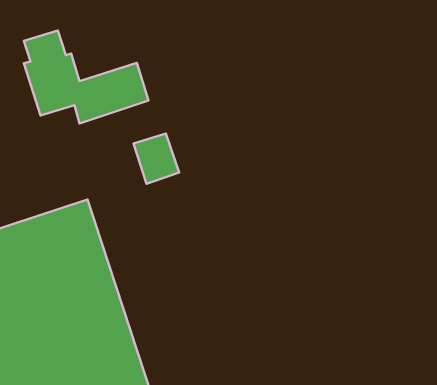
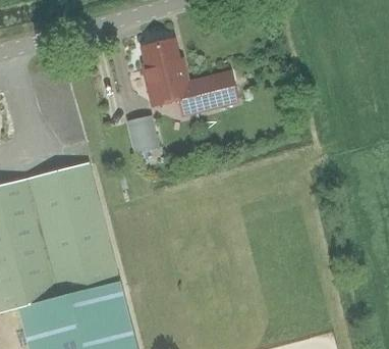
building: [24,31,149,124] -> [144,41,237,113]

